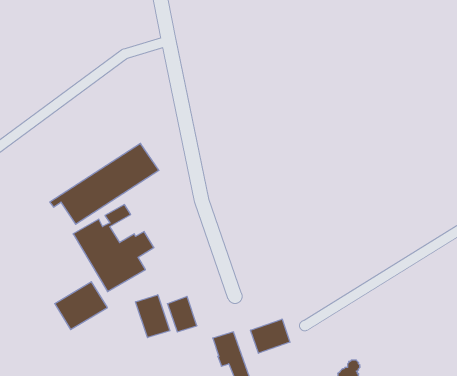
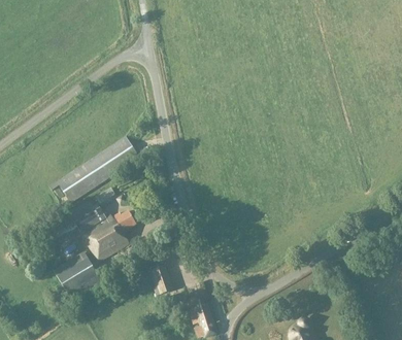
building: [136,295,170,338] -> none
building: [251,319,290,353] -> none

